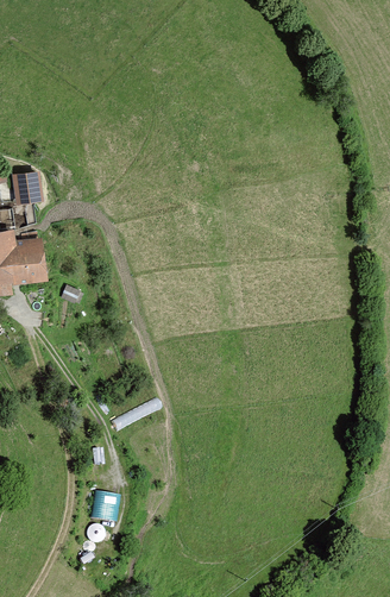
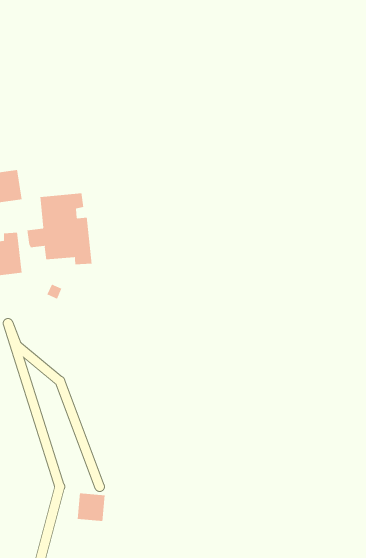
building: none -> [27,193,92,265]

